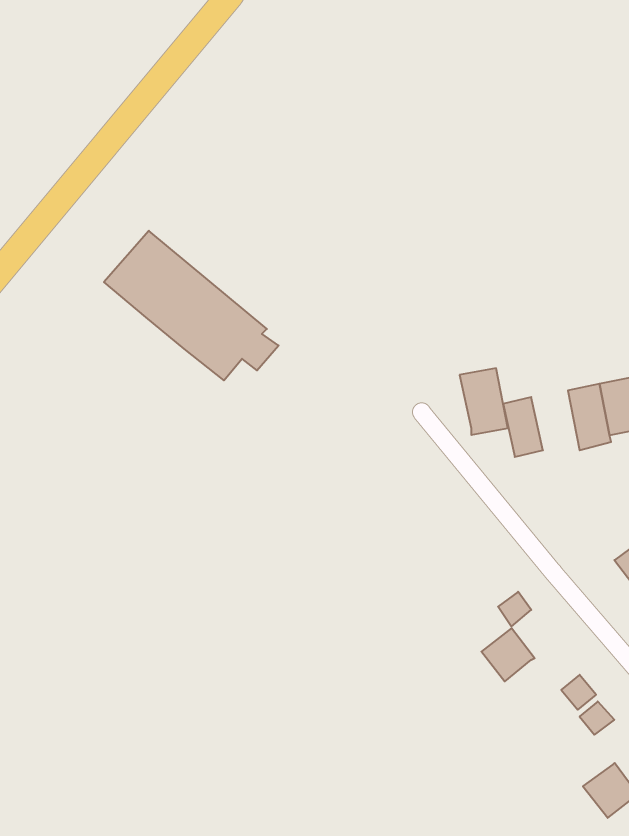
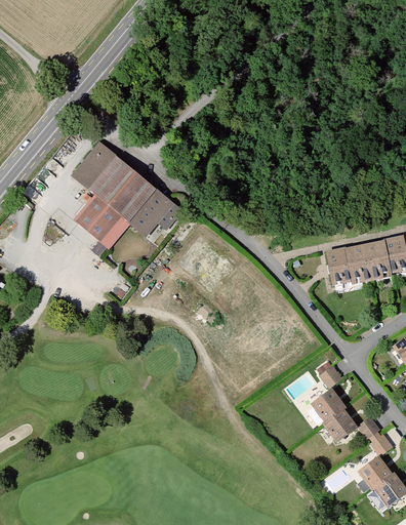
building: none -> [80,198,126,242]
building: [460,368,508,435] -> [340,243,370,284]
building: none -> [323,409,357,443]
building: none -> [357,455,391,489]

